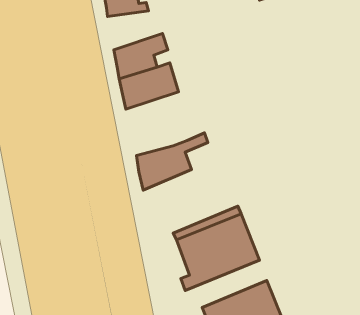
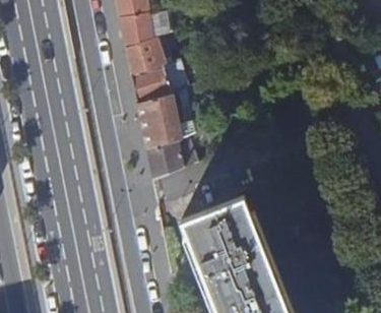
building: none -> [118,10,170,48]
building: none -> [135,87,193,147]
building: none -> [191,246,268,291]

